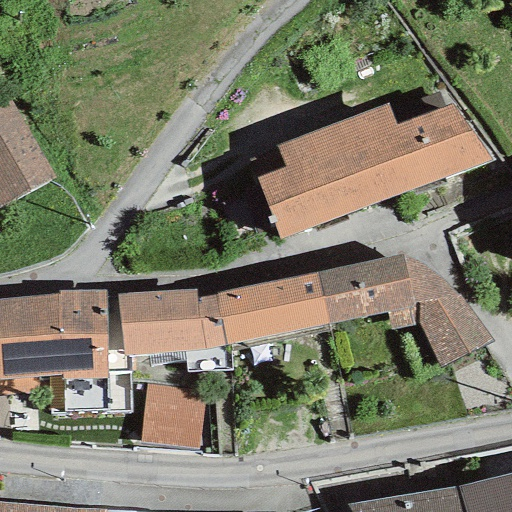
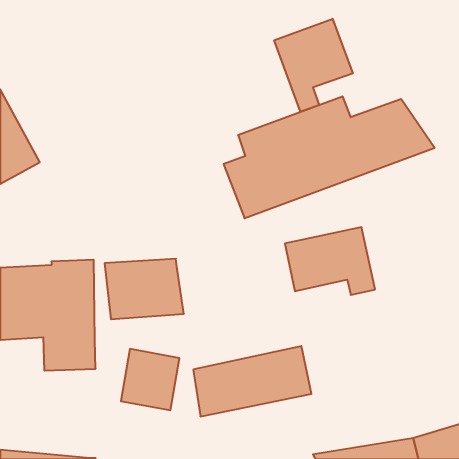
building: none -> [274,19,353,112]
building: [403,252,495,366] -> none
building: [198,270,329,348] -> [193,346,311,416]

